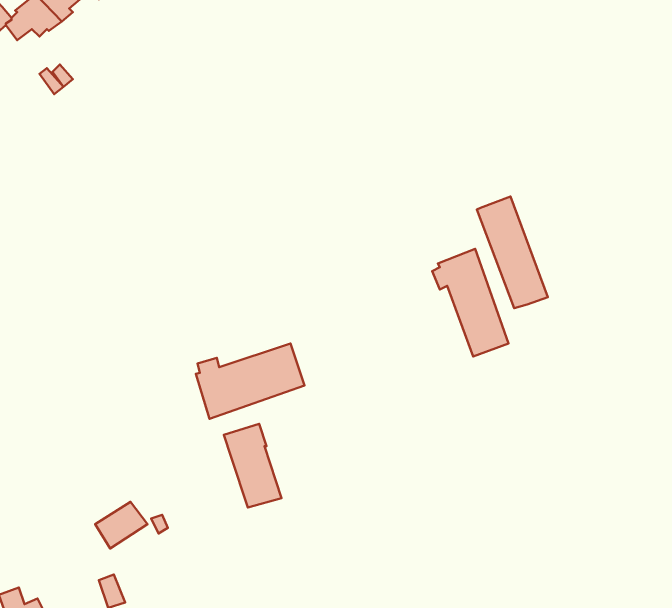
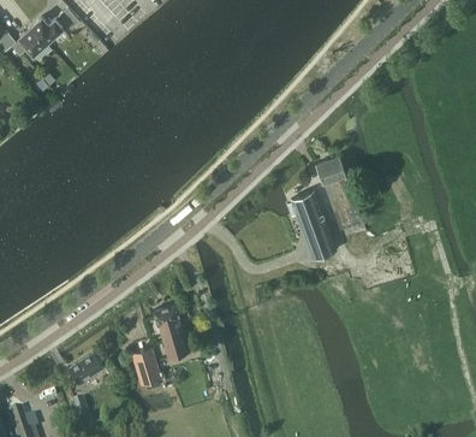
building: [196,343,305,419] -> none
building: none -> [133,348,162,385]

